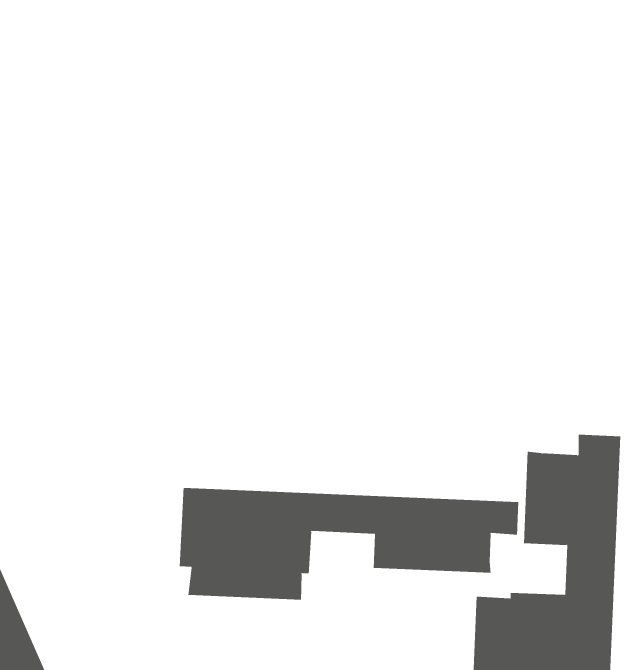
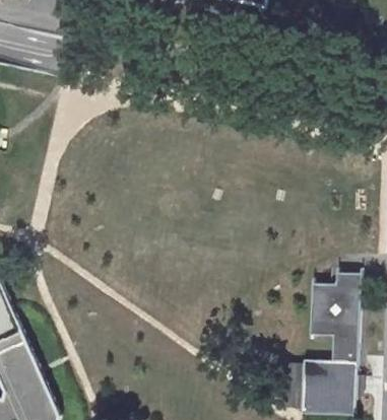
building: [179,487,519,600] -> none

